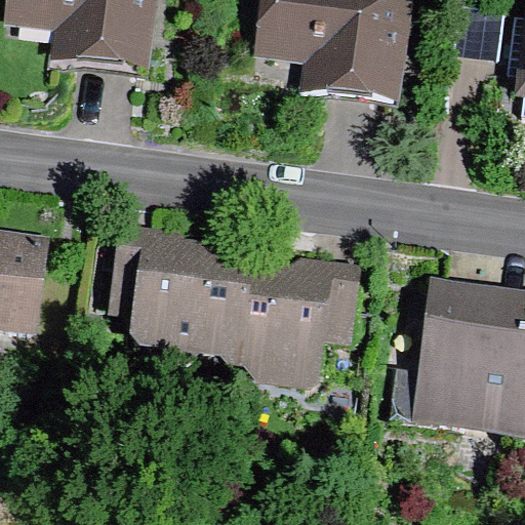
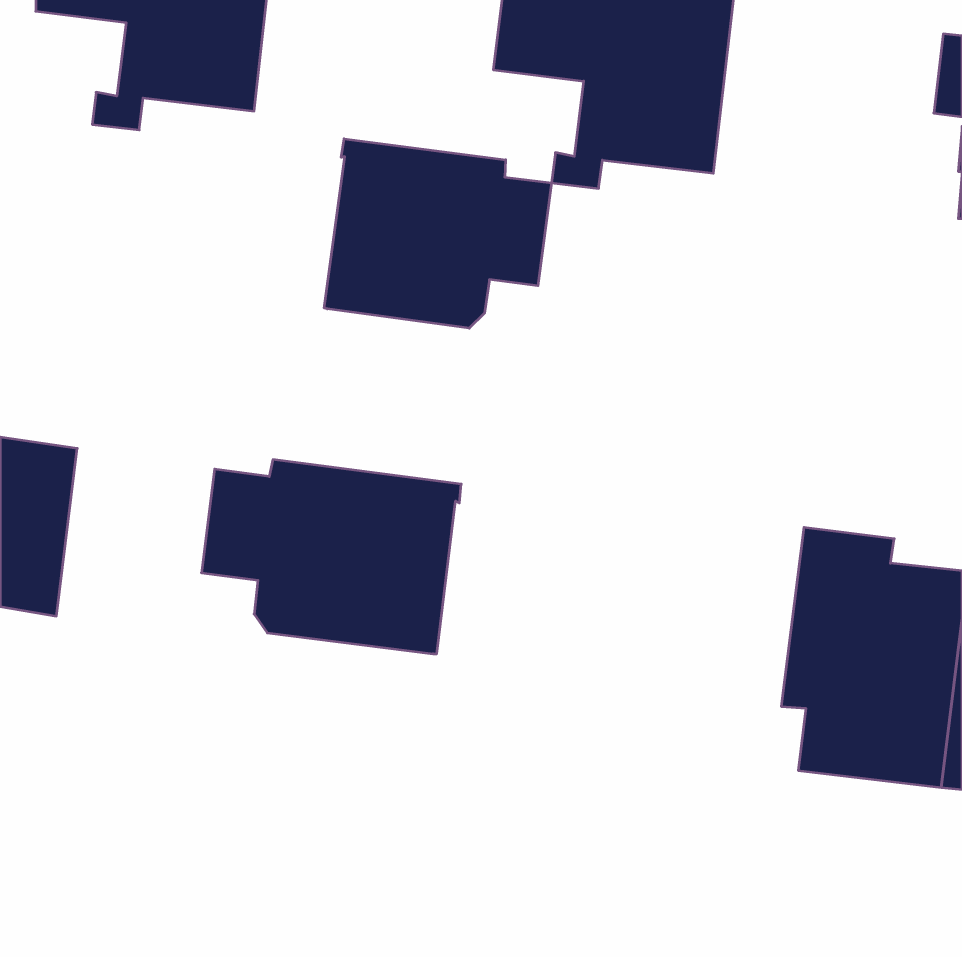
building: none -> [324,139,552,328]
building: [234,273,357,387] -> none

